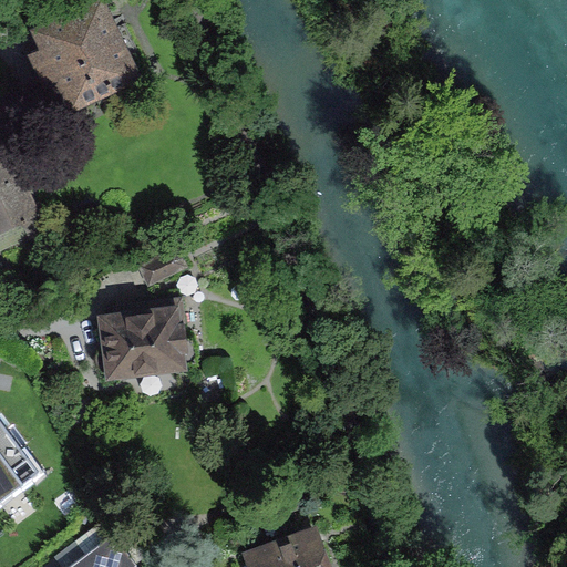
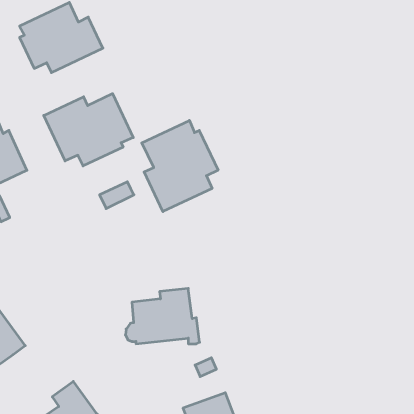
building: none -> [44,94,133,166]
building: none -> [142,120,218,212]
building: [91,300,192,375] -> [125,288,200,344]

